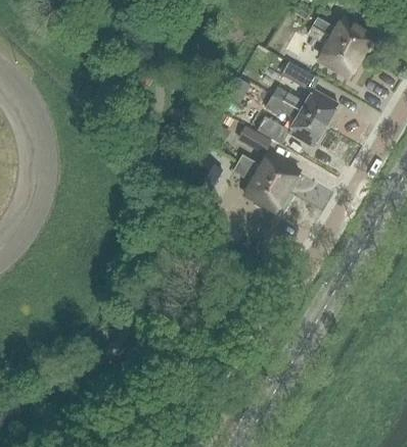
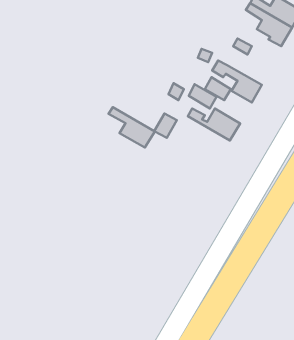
building: [283,89,338,125] -> none
building: [231,162,287,211] -> [109,107,155,148]

